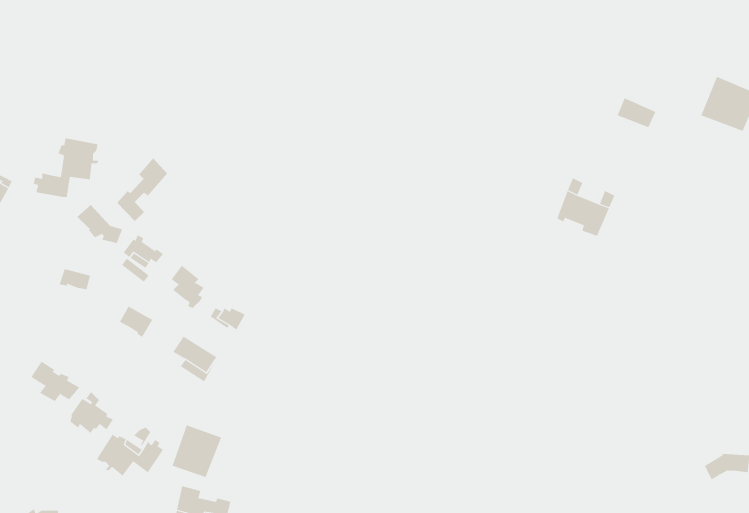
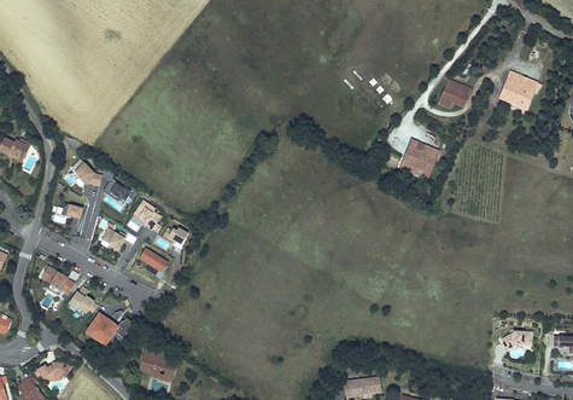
building: [33,137,99,198] -> none
building: [116,157,168,222] -> none
building: [172,424,222,478] -> none

